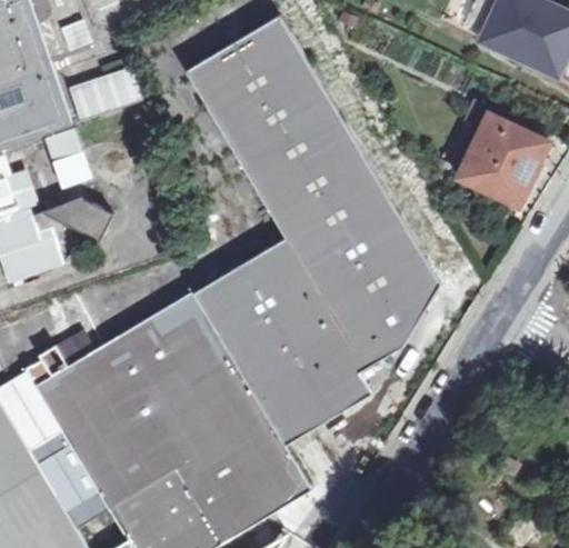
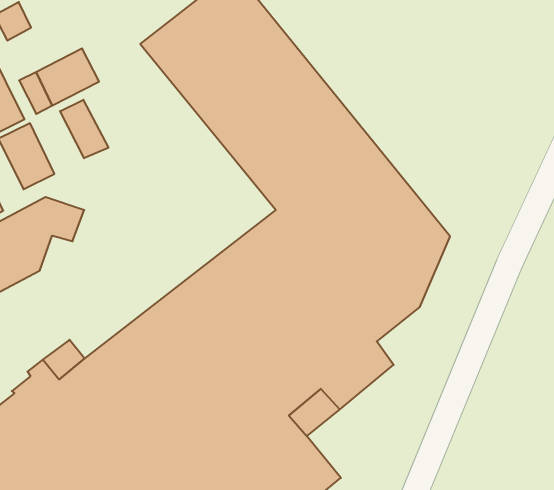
building: none -> [60,100,108,158]
building: [458,114,547,207] -> none

